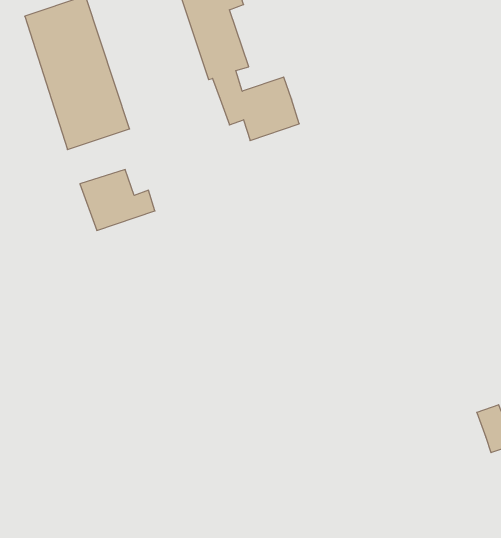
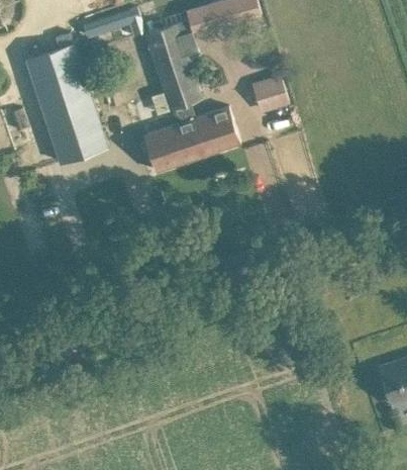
building: none -> [248,75,289,113]
building: [80,170,155,230] -> [143,124,202,172]

